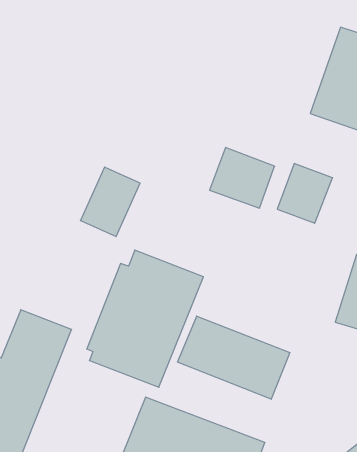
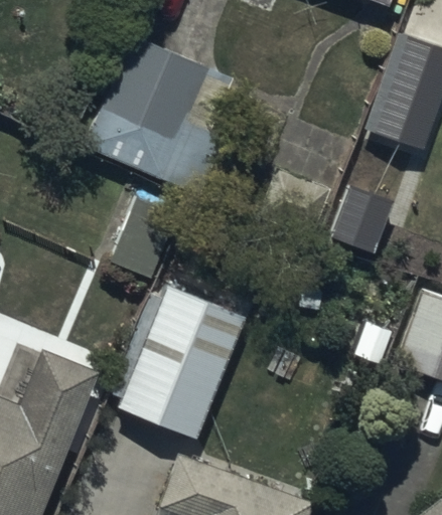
building: none -> [80,35,227,195]
building: [178,316,290,399] -> none

